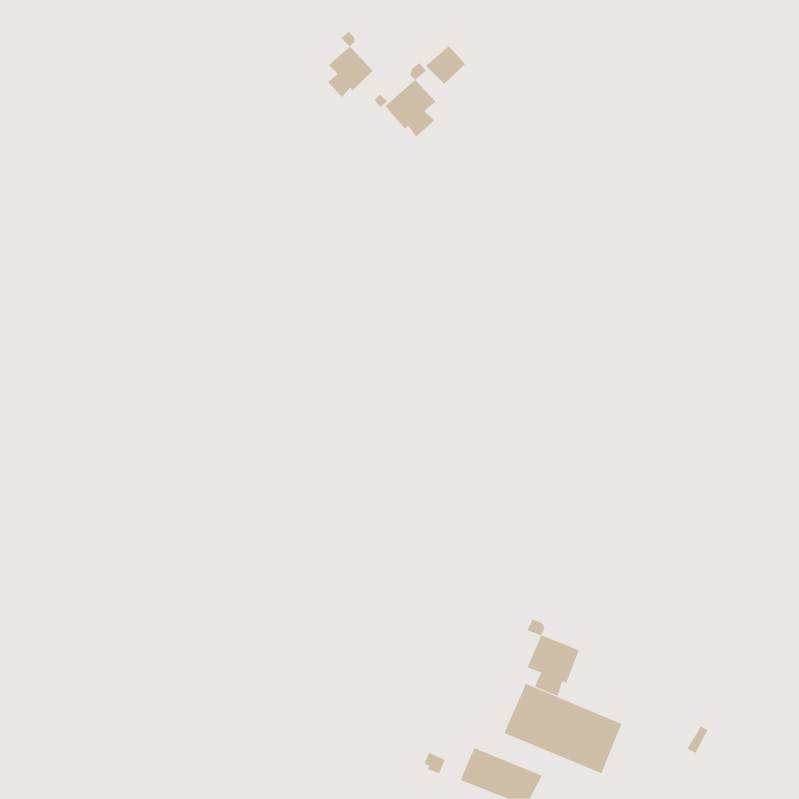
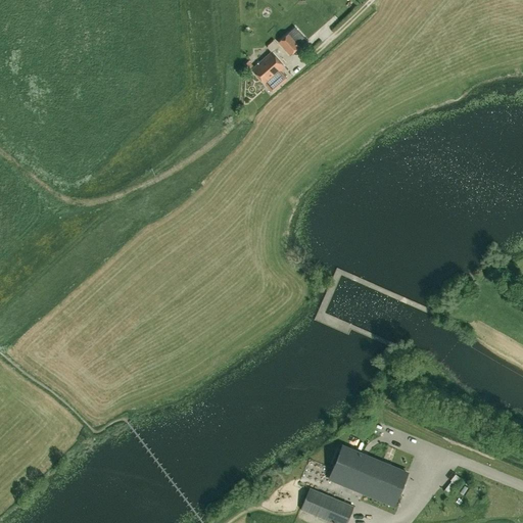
building: [327,31,374,98] -> none
building: [527,619,579,697] -> none

